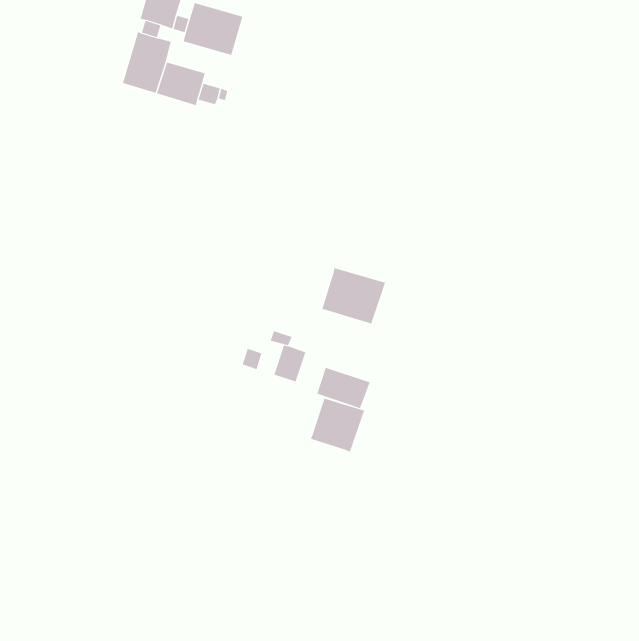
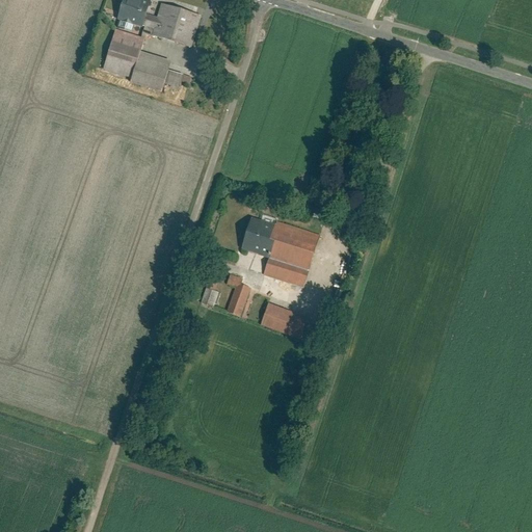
building: none -> [240,217,274,255]
building: none -> [264,256,307,285]
building: [310,398,365,452] -> none

